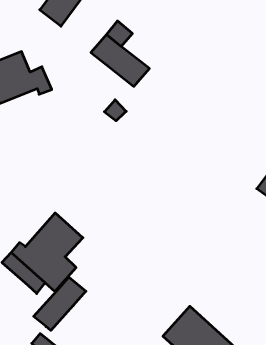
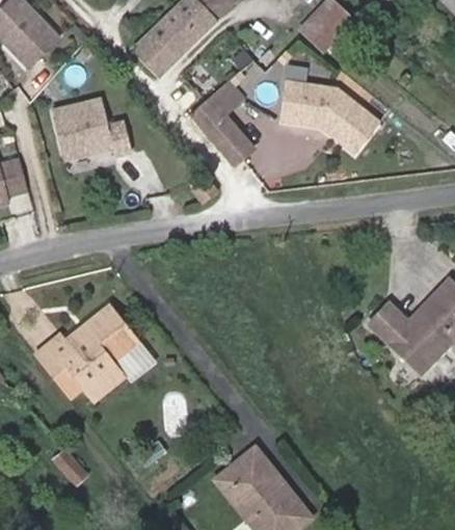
building: none -> [283,83,380,154]
building: none -> [113,341,158,385]
building: [34,277,86,330] -> none

